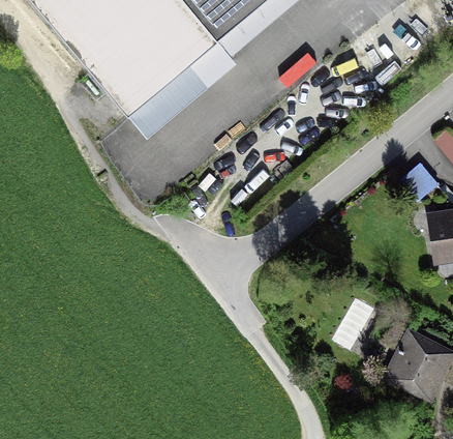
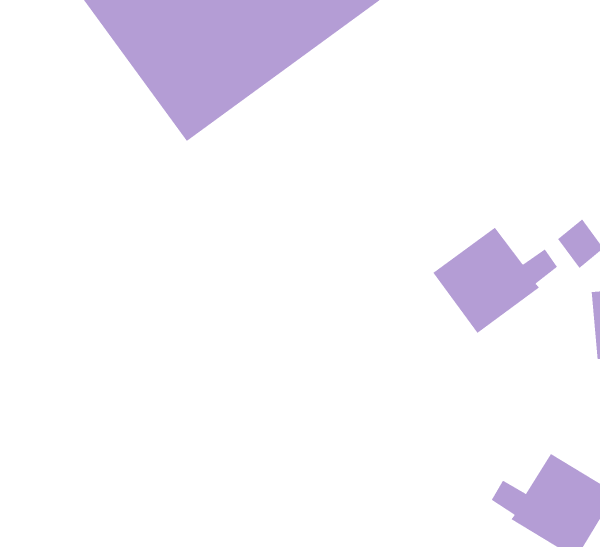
building: none -> [433,227,558,334]

